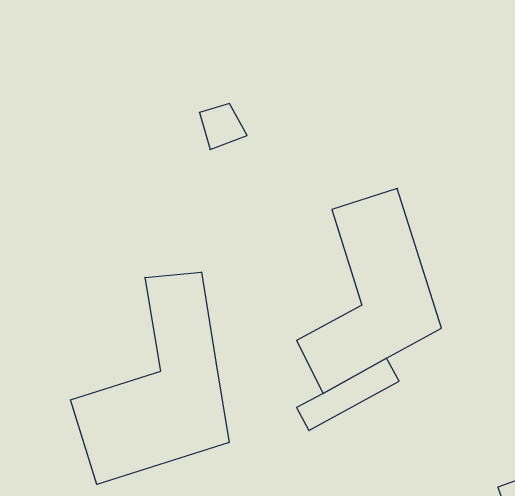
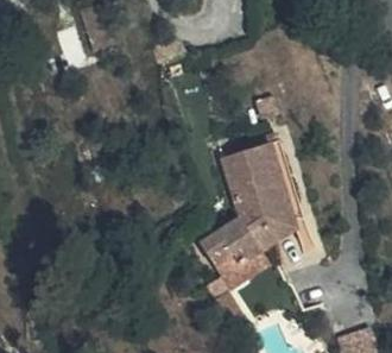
building: [71,272,229,484] -> none

